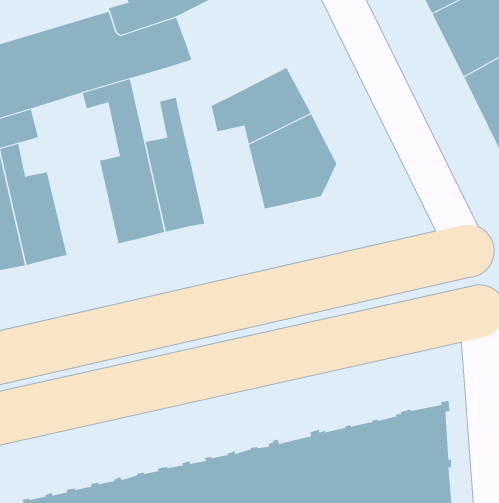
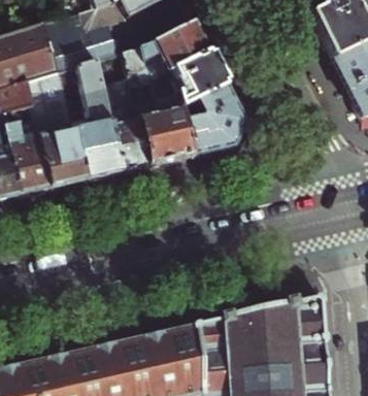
building: none -> [125,21,209,84]
building: none -> [26,70,88,187]
building: none -> [140,79,193,164]

